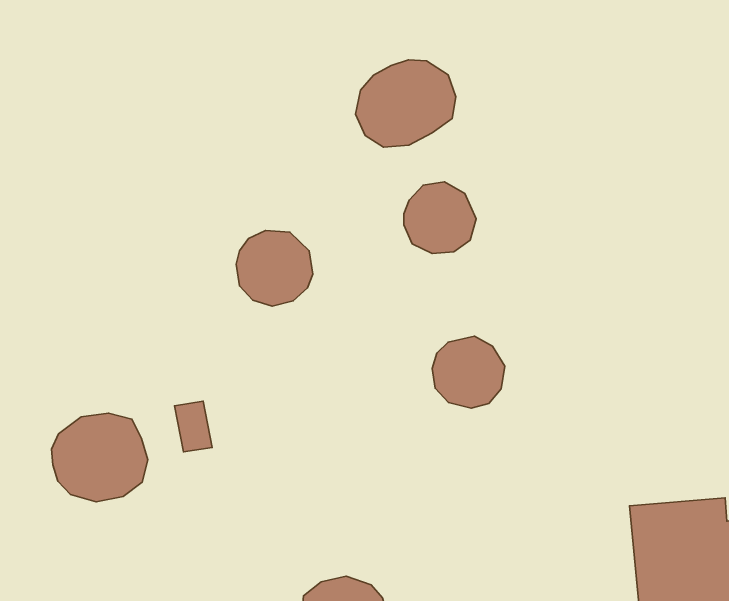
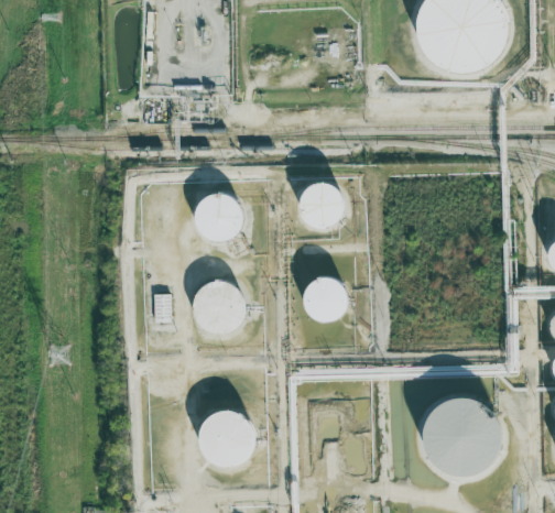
building: [356,60,456,147] -> none
building: none -> [196,279,250,331]
building: [52,413,148,502] -> none

